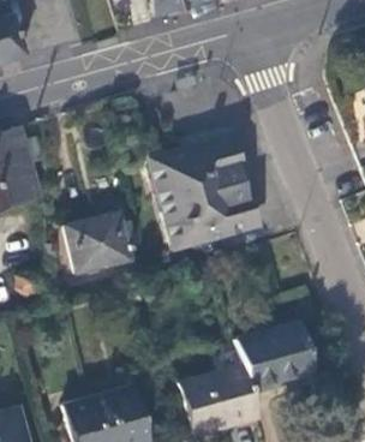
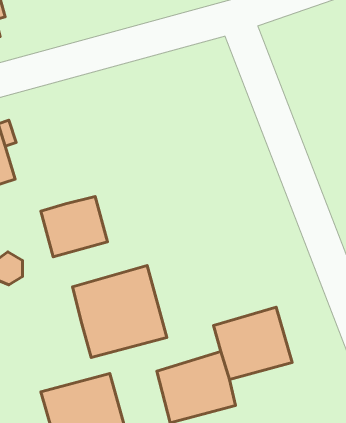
building: [149,135,256,244] -> none
building: none -> [72,266,167,358]

